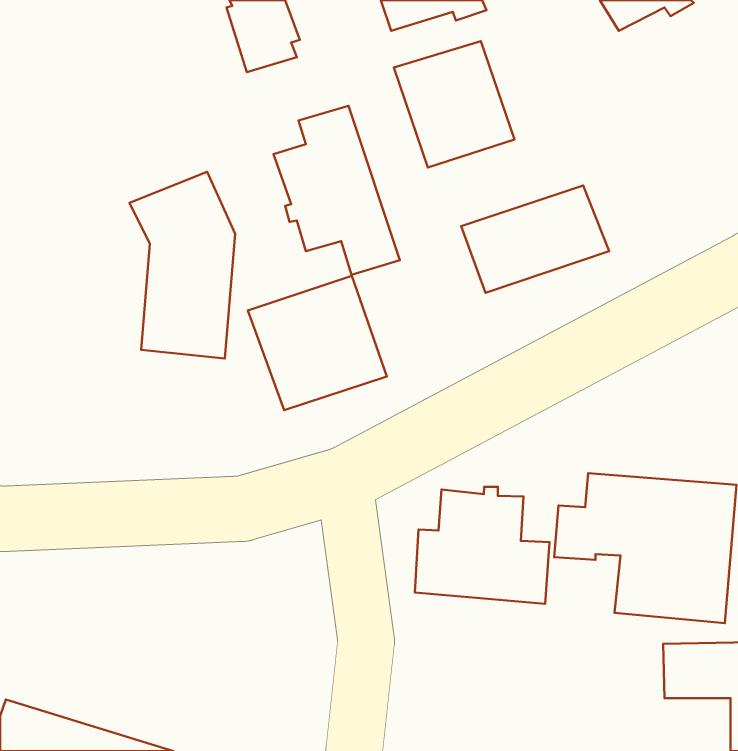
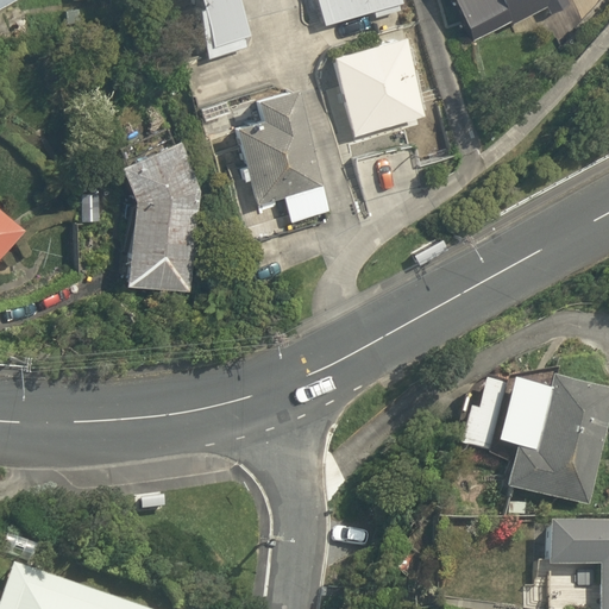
building: [461,185,609,293] -> none
building: [248,276,387,410] -> none
building: [415,487,549,604] -> none

